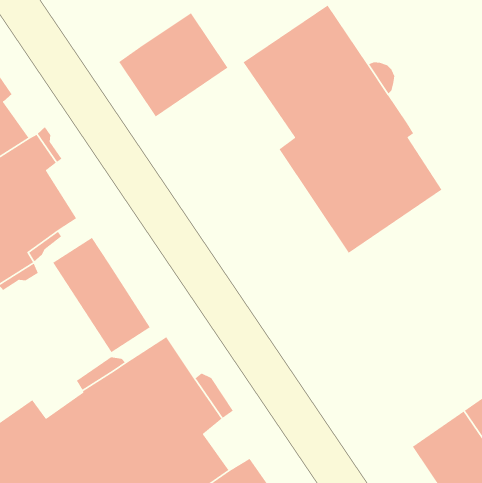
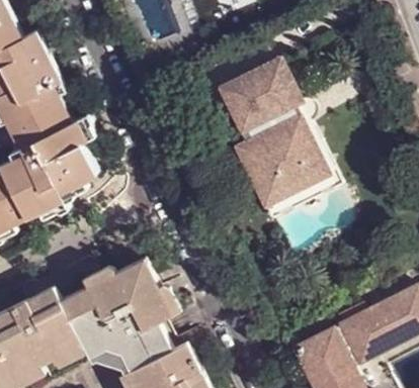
building: [118,12,228,118] -> none
building: [52,237,151,353] -> none

